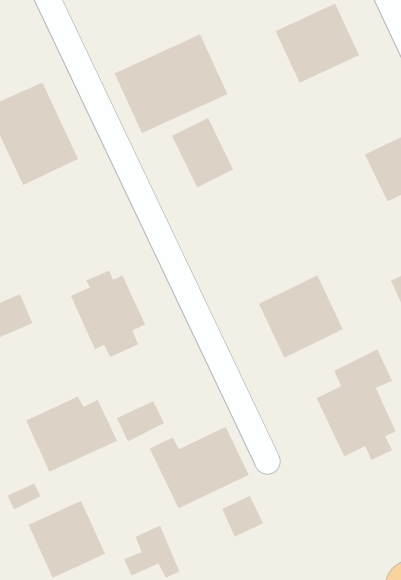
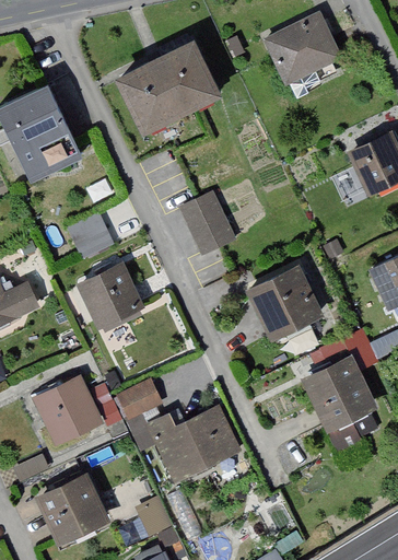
building: [171,117,234,189] -> [177,189,236,256]
building: none -> [68,213,115,260]
building: [221,495,264,538] -> none

